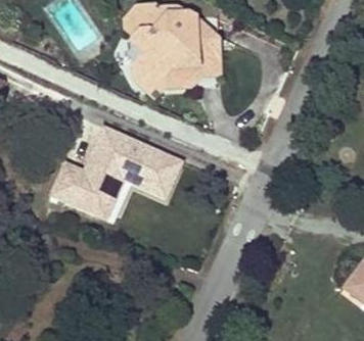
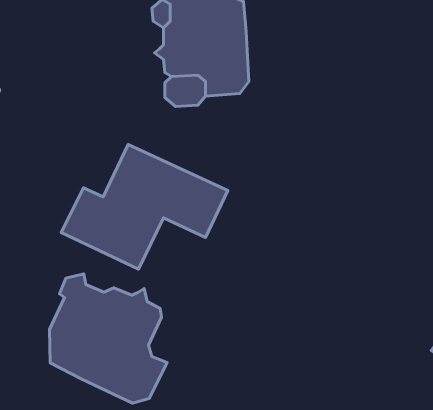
building: [195,36,219,76] -> none
building: none -> [50,274,167,403]

